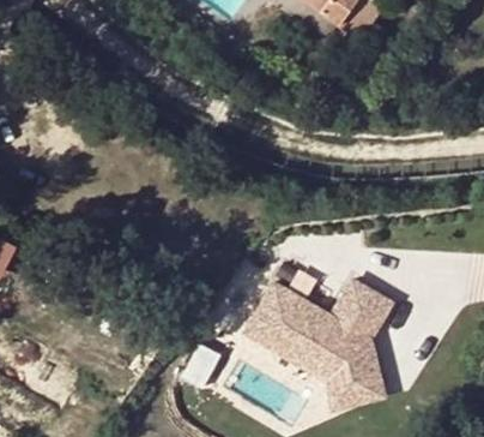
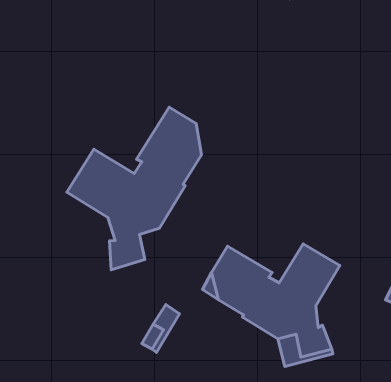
building: none -> [67,107,201,270]

